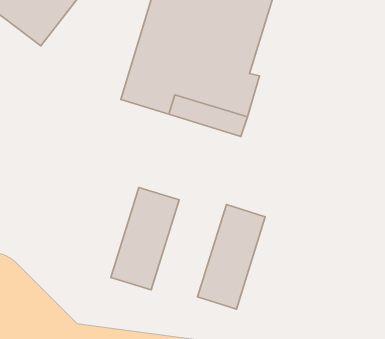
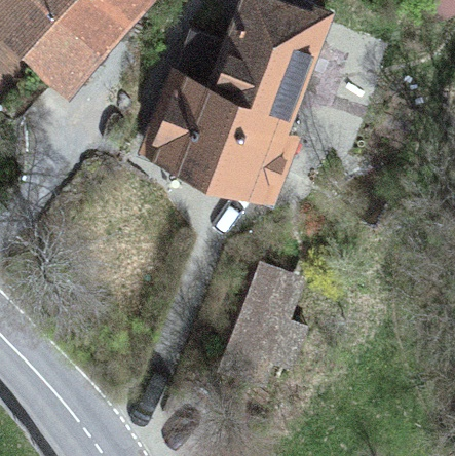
building: [111,188,179,290] -> none

